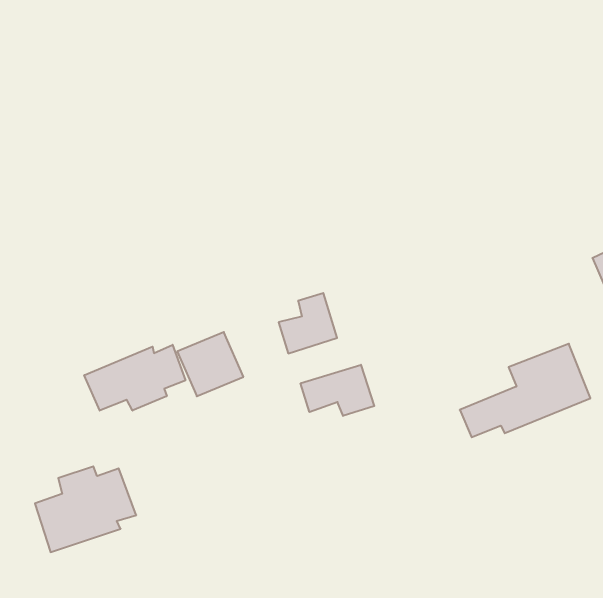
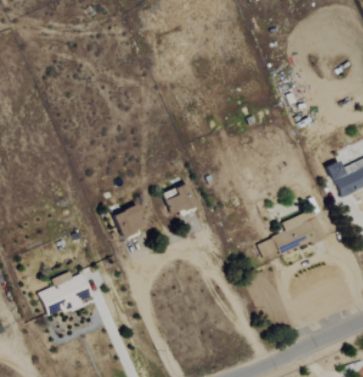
building: [84,345,185,411] -> none
building: [301,365,374,416] -> none

